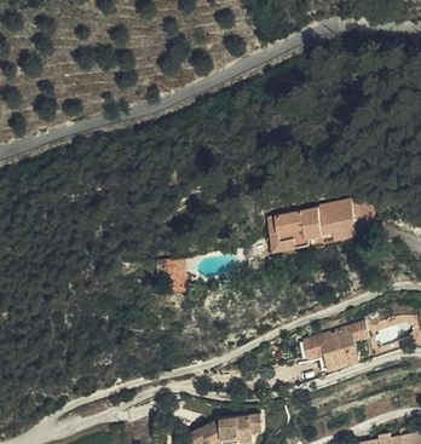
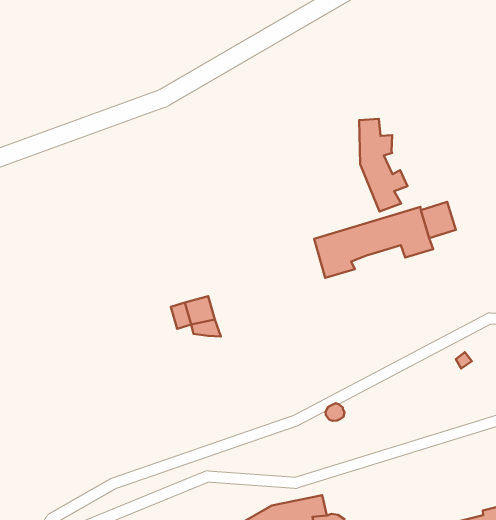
building: none -> [359,119,407,211]
building: [306,322,367,367] -> none

